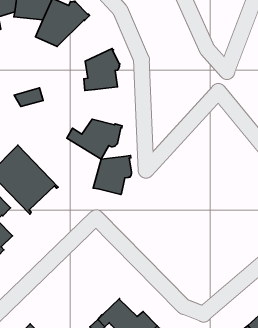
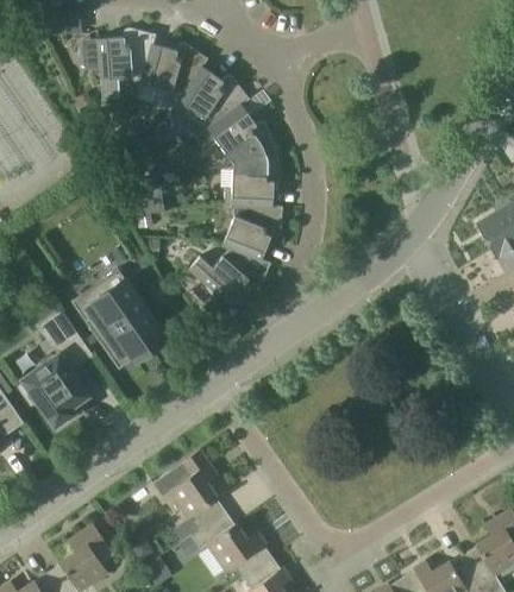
building: none -> [193,103,274,163]
building: [93,155,132,194] -> [221,206,282,260]
building: none -> [152,448,226,529]

